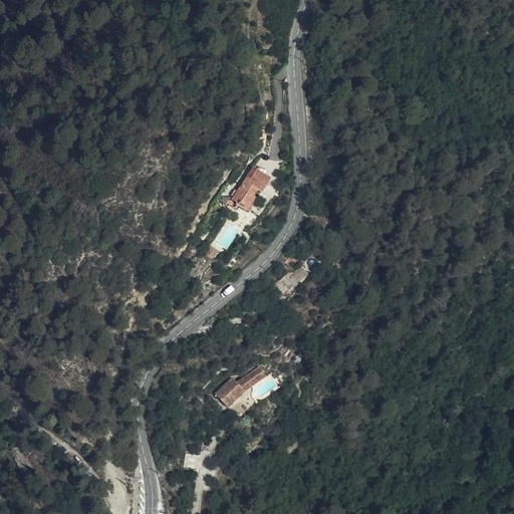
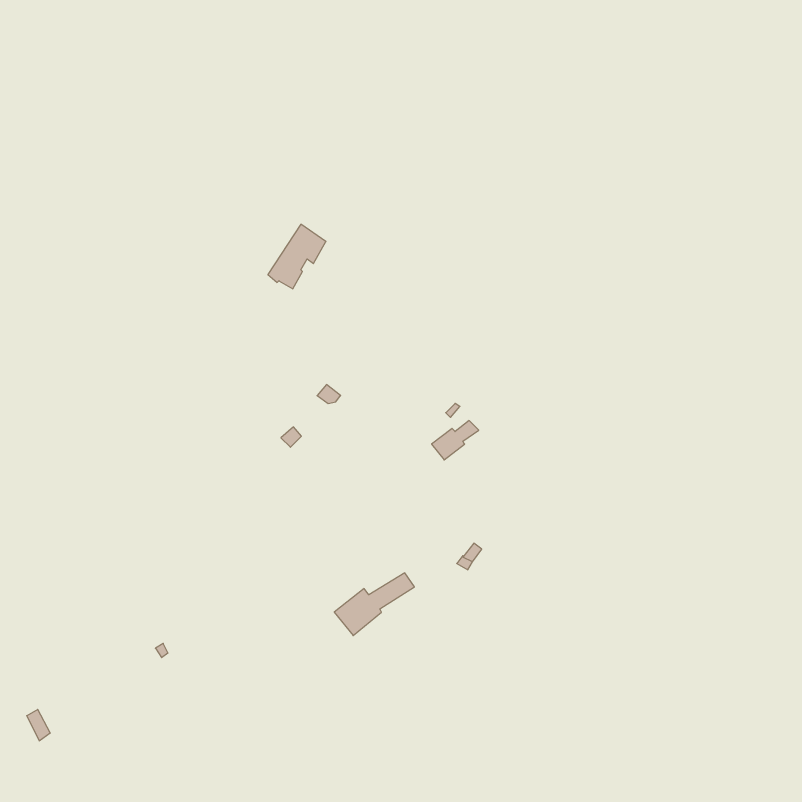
building: [232,168,269,209] -> [268,224,326,289]

